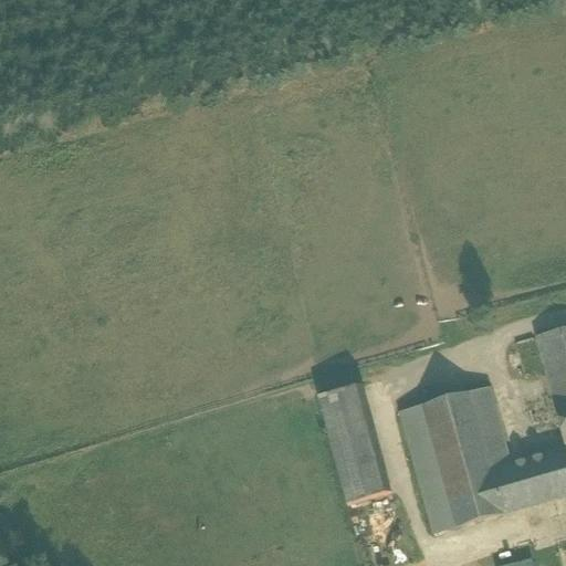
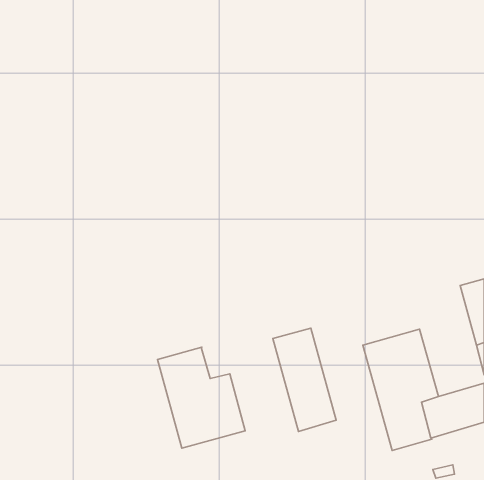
building: [400,402,458,532] -> none
building: none -> [157,347,245,448]

